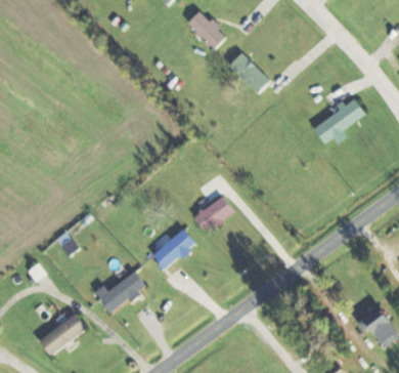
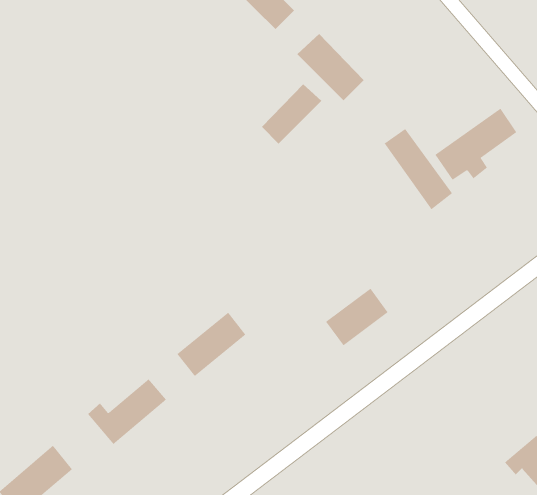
building: none -> [261,83,322,144]
building: none -> [384,128,453,210]
building: [193,195,233,232] -> [325,288,389,346]

